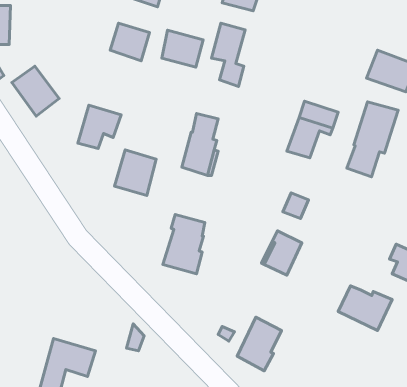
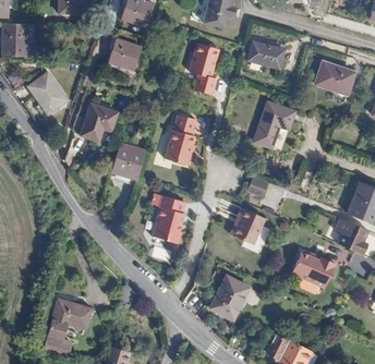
building: none -> [246,44,283,72]
building: [162,30,203,67] -> none
building: [347,102,398,177] -> none

